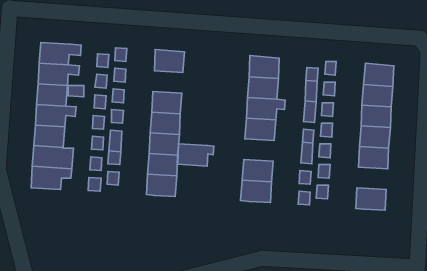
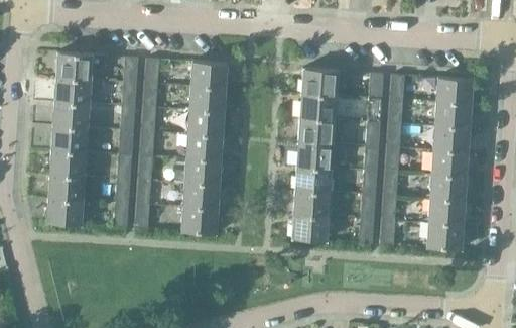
building: none -> [189,86,225,112]
building: [178,144,214,166] -> [296,166,339,192]
building: none -> [428,199,465,225]

